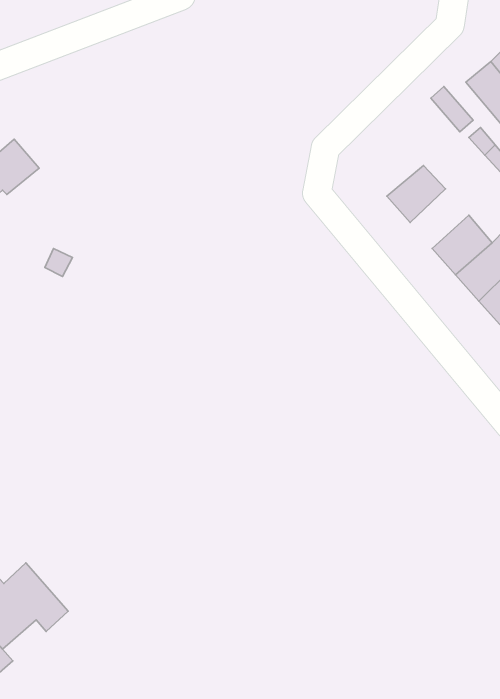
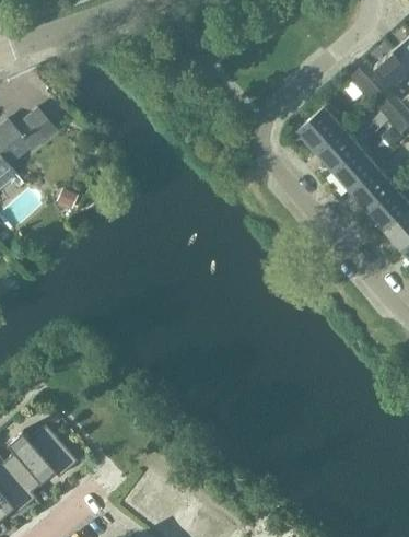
building: none -> [297,104,346,152]
building: none -> [332,147,376,191]

